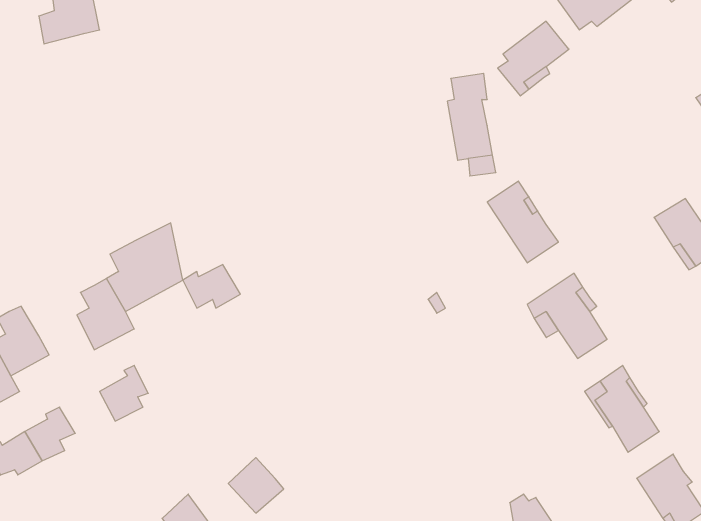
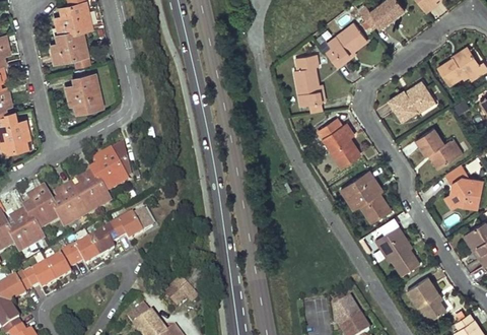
building: none -> [51,28,87,61]
building: none -> [66,73,101,111]
building: none -> [389,81,433,119]
building: [183,265,240,308] -> [111,213,144,239]
building: none -> [55,184,87,224]
building: none -> [67,238,99,262]

